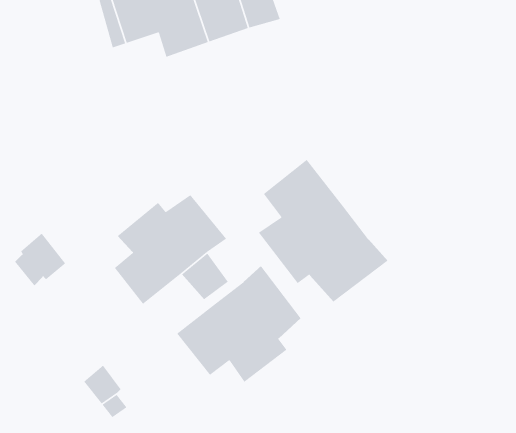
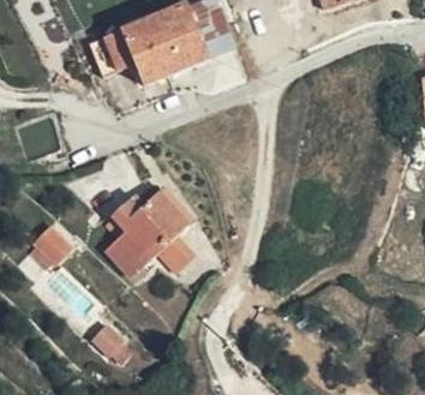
building: [258,159,388,302] -> none
building: [176,265,301,383] -> none

